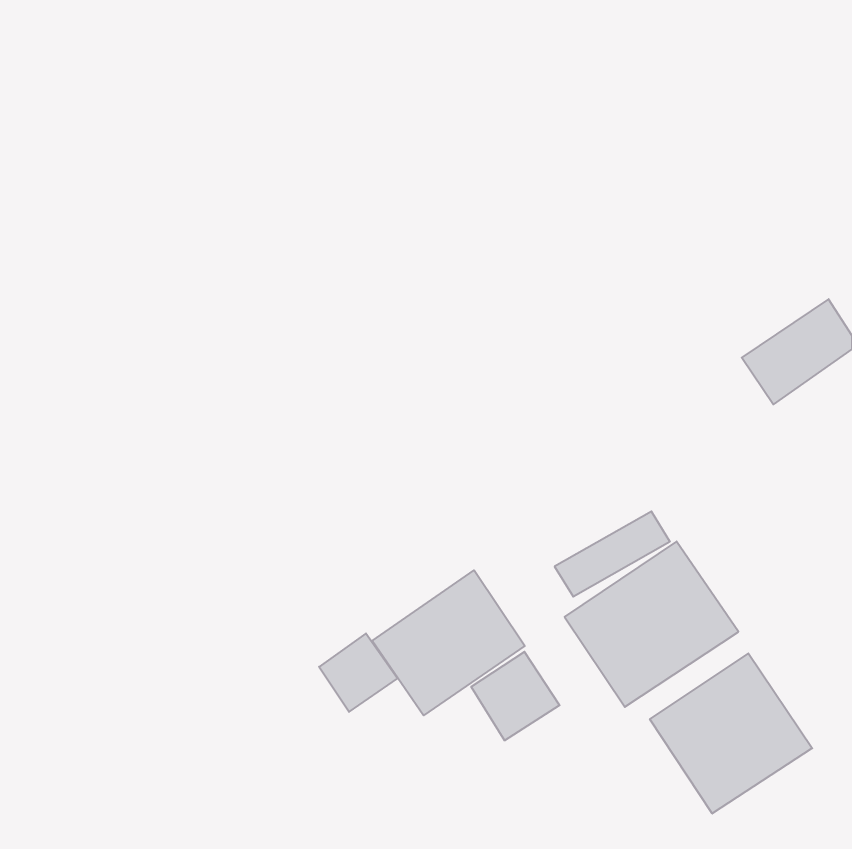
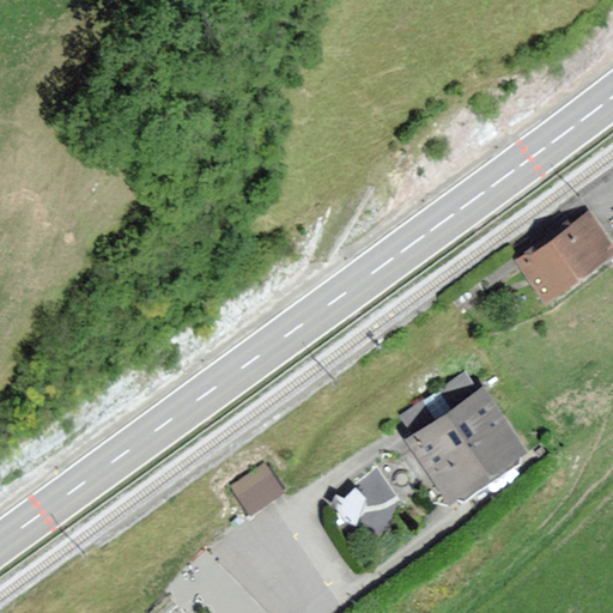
building: [372,570,525,715] -> none
building: [650,653,812,814] -> none

